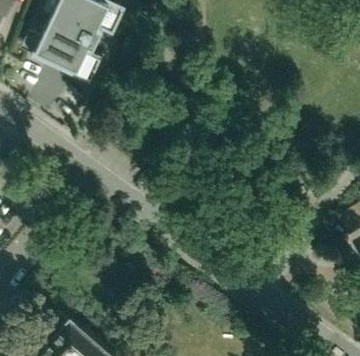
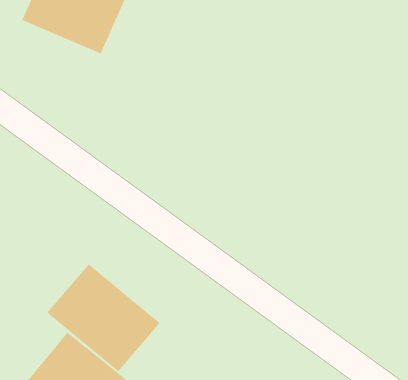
building: none -> [47,263,160,372]

